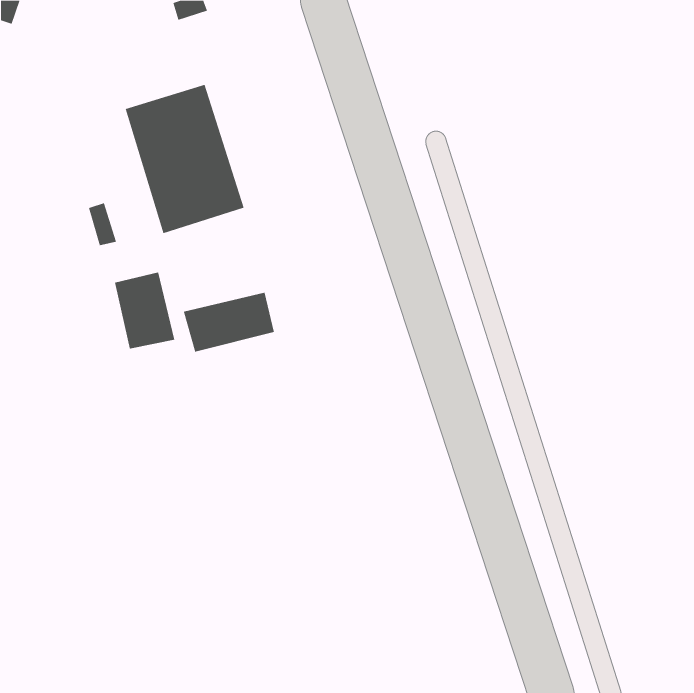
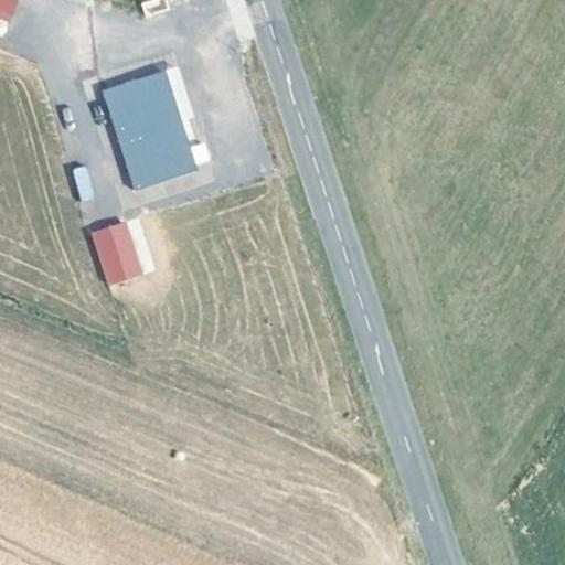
building: [183,292,275,353] -> none

